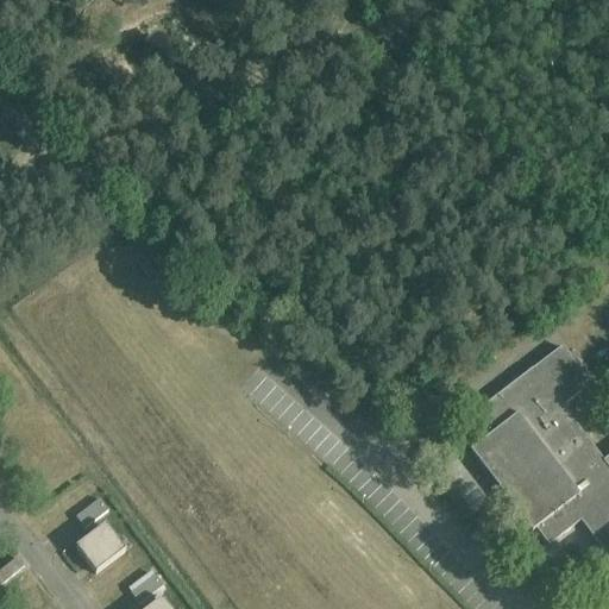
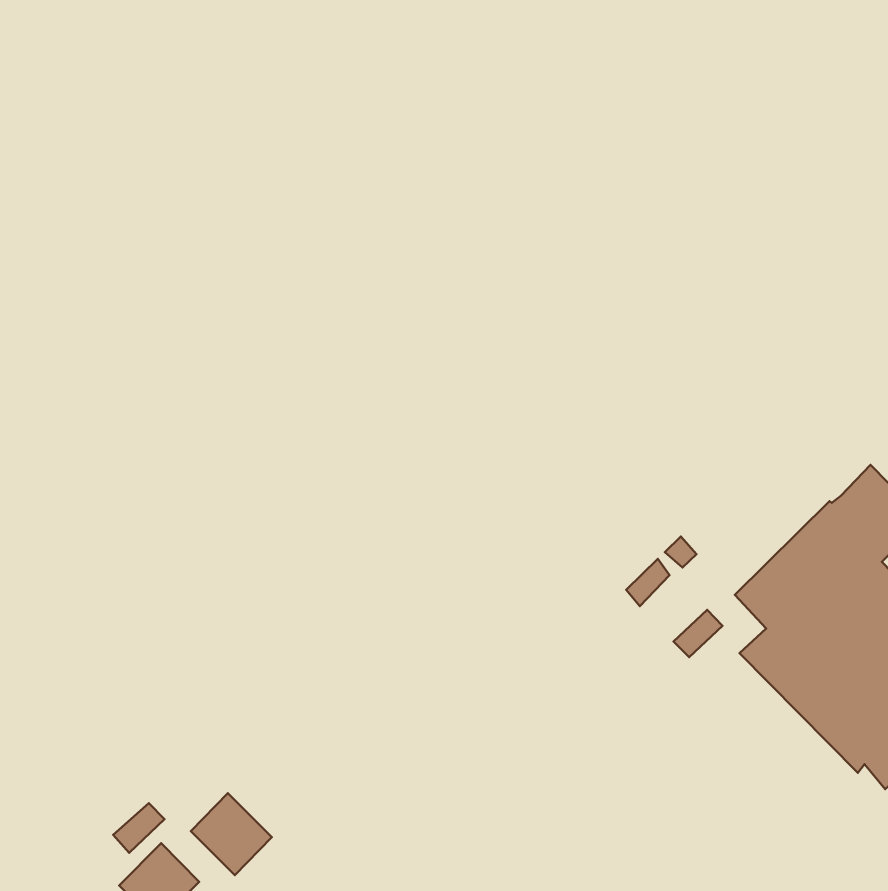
building: none -> [191,793,272,875]

